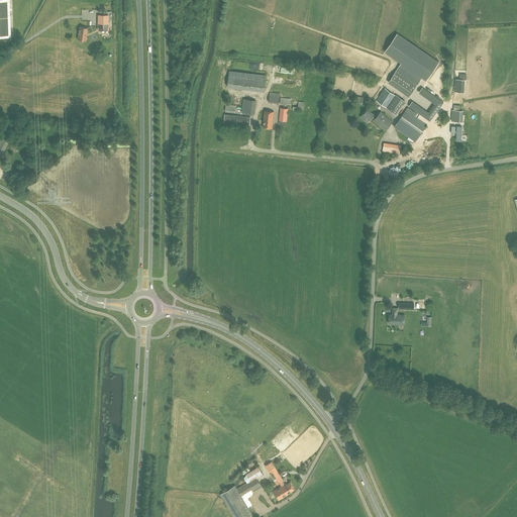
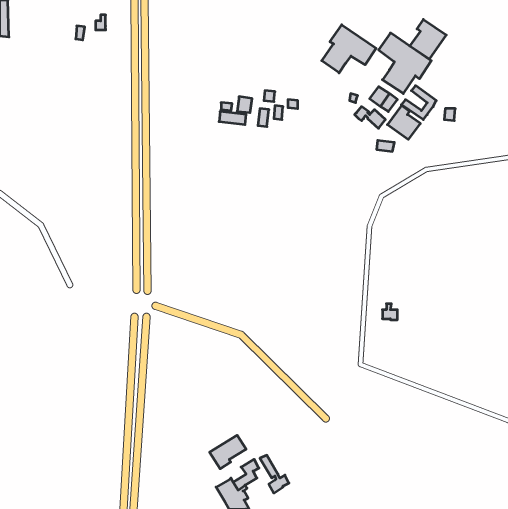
building: none -> [410,19,446,59]
building: none -> [322,25,376,73]
building: [226,71,266,91] -> none
building: none -> [210,435,246,469]

